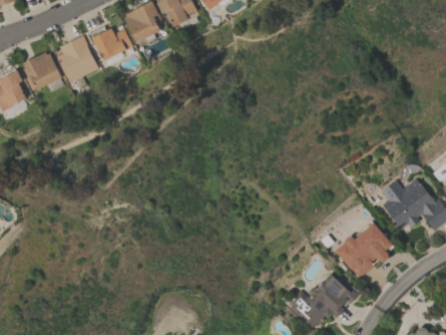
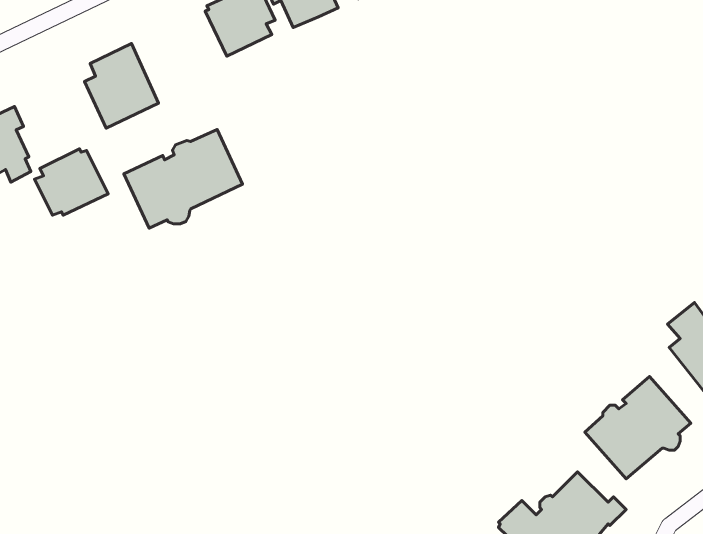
building: [88,26,132,60] -> none
building: [20,52,61,89] -> [34,149,108,215]
building: none -> [124,129,242,228]

